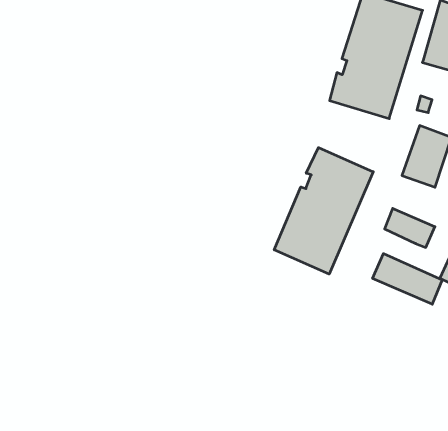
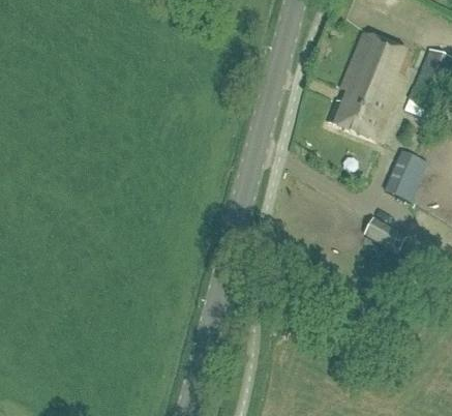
building: [274,148,373,274] -> none
building: [373,254,442,304] -> none

